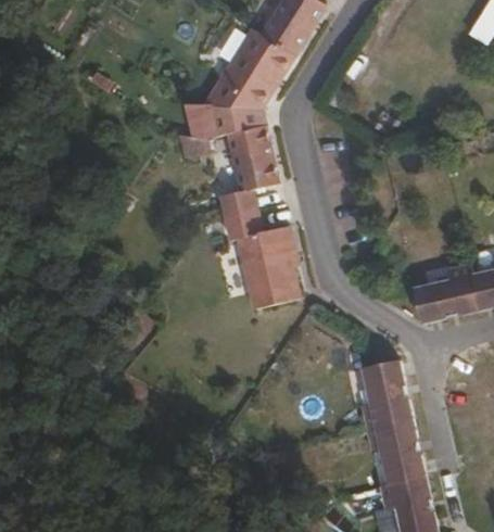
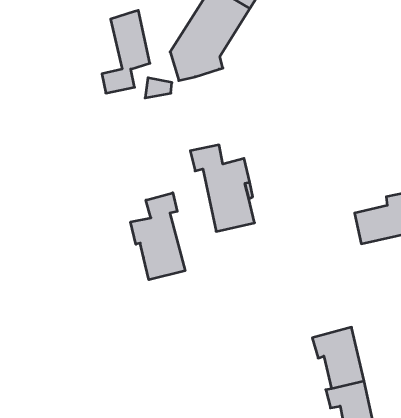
building: [223,123,277,216] -> [102,10,150,93]
building: none -> [131,193,185,280]
building: [359,360,409,428] -> none

